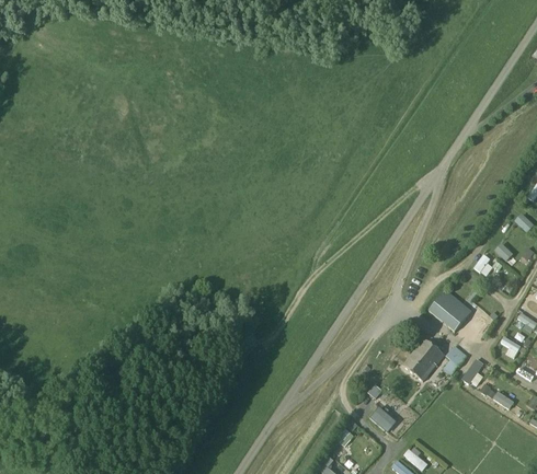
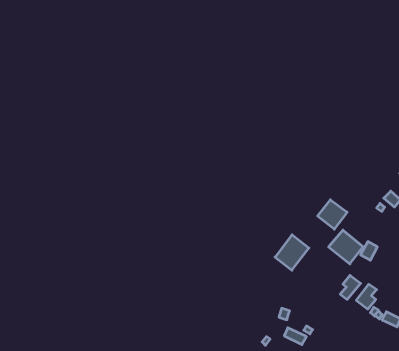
building: none -> [318,200,347,229]
building: [401,338,443,382] -> [275,235,309,270]

